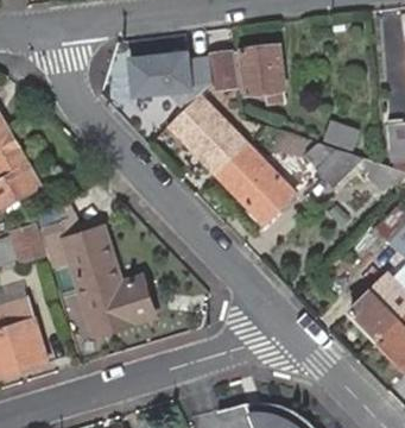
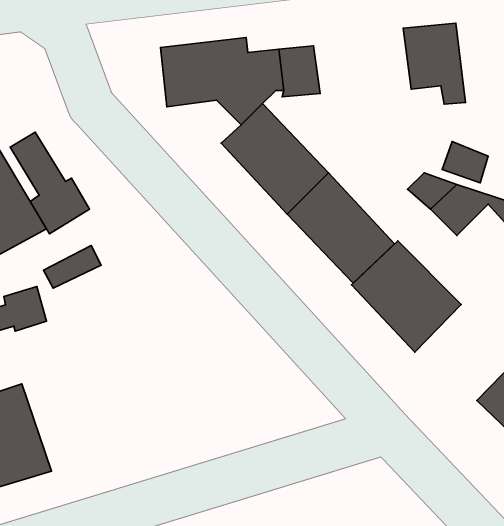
building: [240,48,285,106] -> [403,23,466,104]
building: none -> [10,132,89,234]
building: none -> [352,241,461,352]
building: [65,228,153,333] -> none

